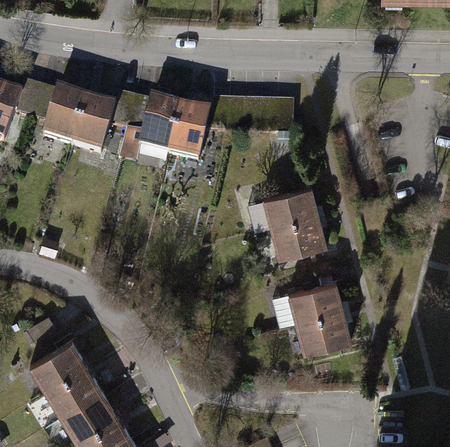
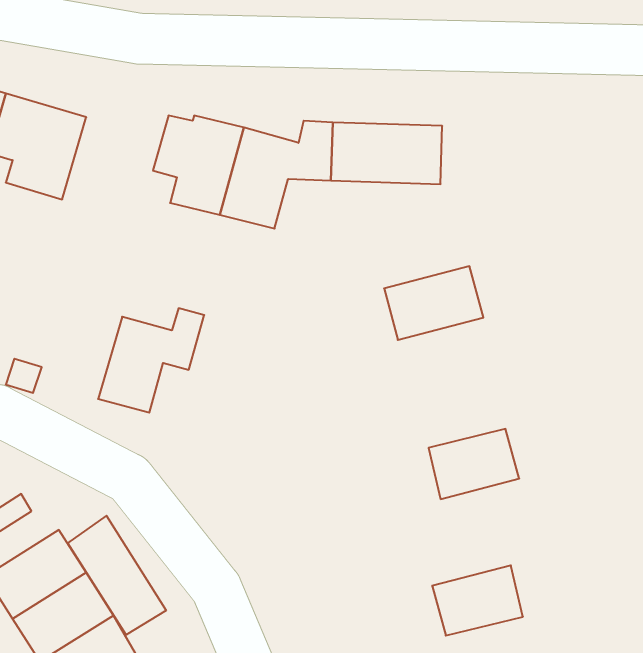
building: [73,94,135,155] -> [98,308,204,413]
building: [269,216,327,260] -> none
building: [294,310,347,351] -> [432,565,523,636]
building: none -> [68,516,166,635]

